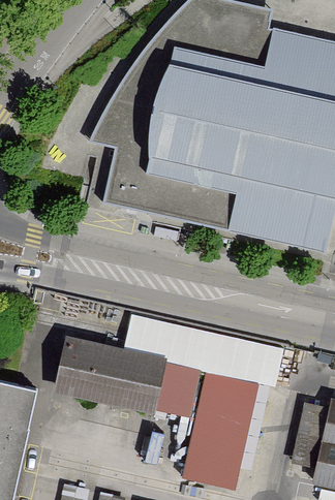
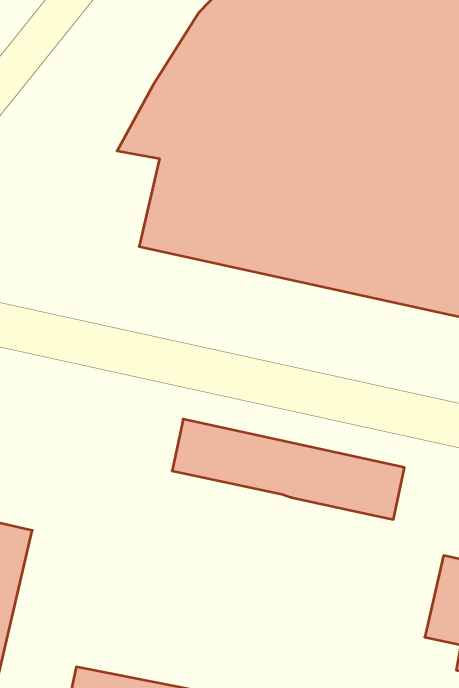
building: [54,337,200,416] -> none
building: [182,368,258,488] -> none

